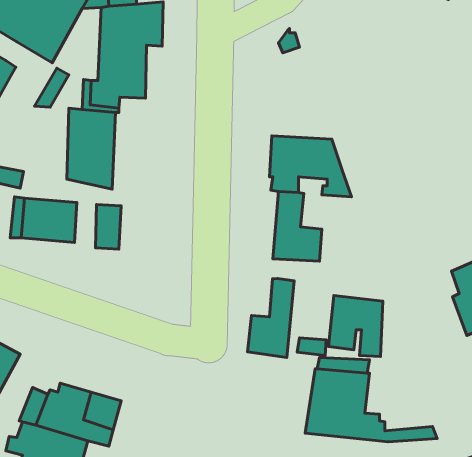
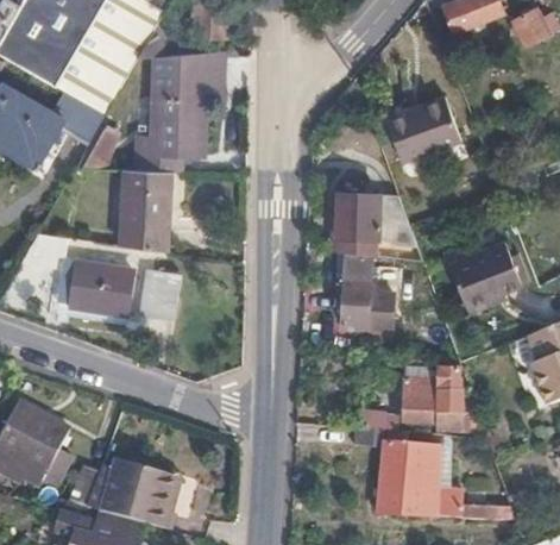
building: none -> [54,93,103,142]
building: none -> [395,102,467,168]
building: none -> [448,242,523,309]
building: [248,279,294,357] -> none

